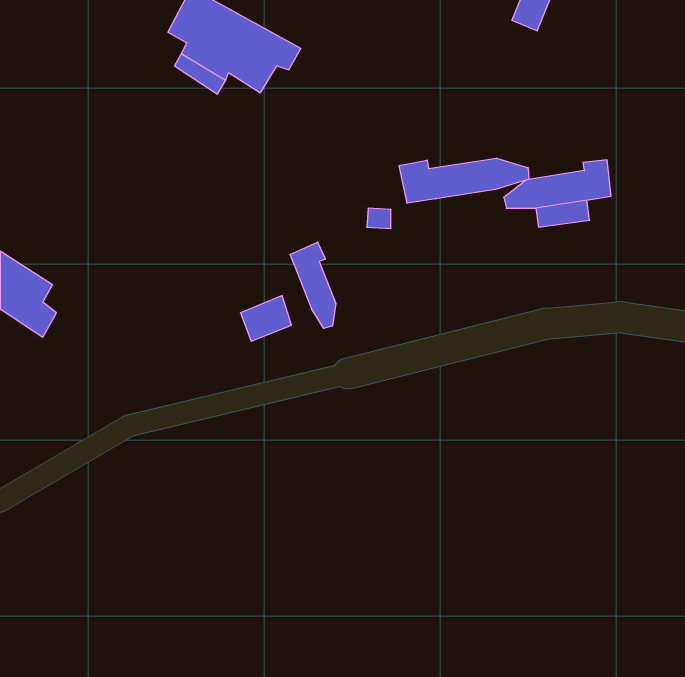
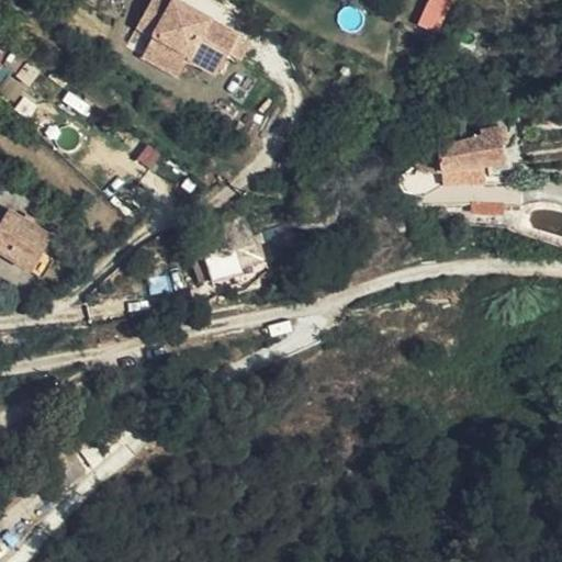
building: [399,158,529,203] -> none
building: [290,242,336,329] -> none

